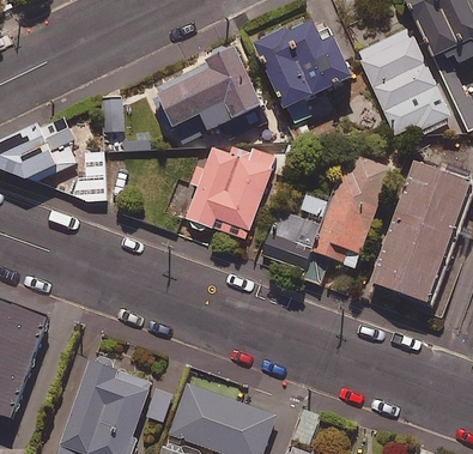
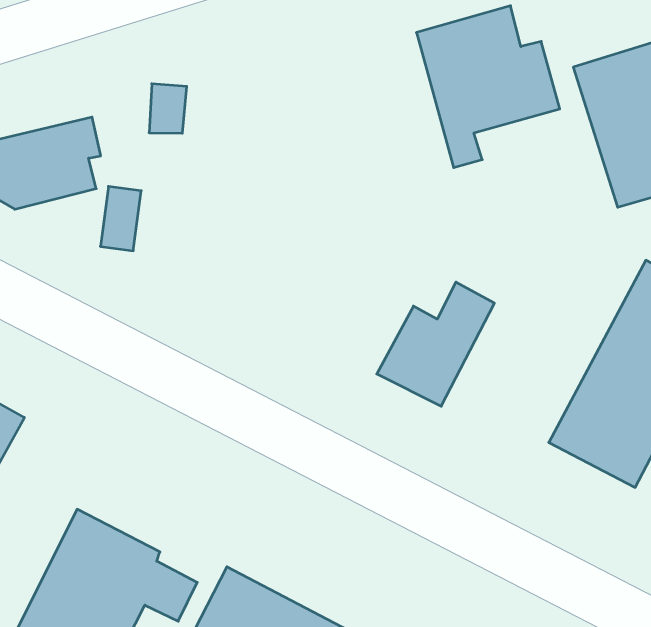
building: [147,48,261,144] -> none
building: [184,147,273,238] -> none
building: [303,156,389,286] -> none

